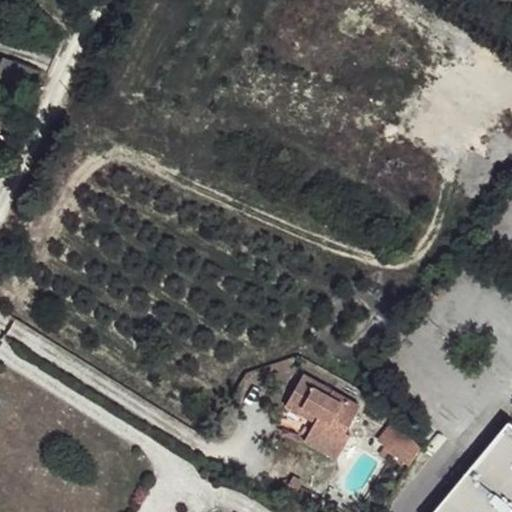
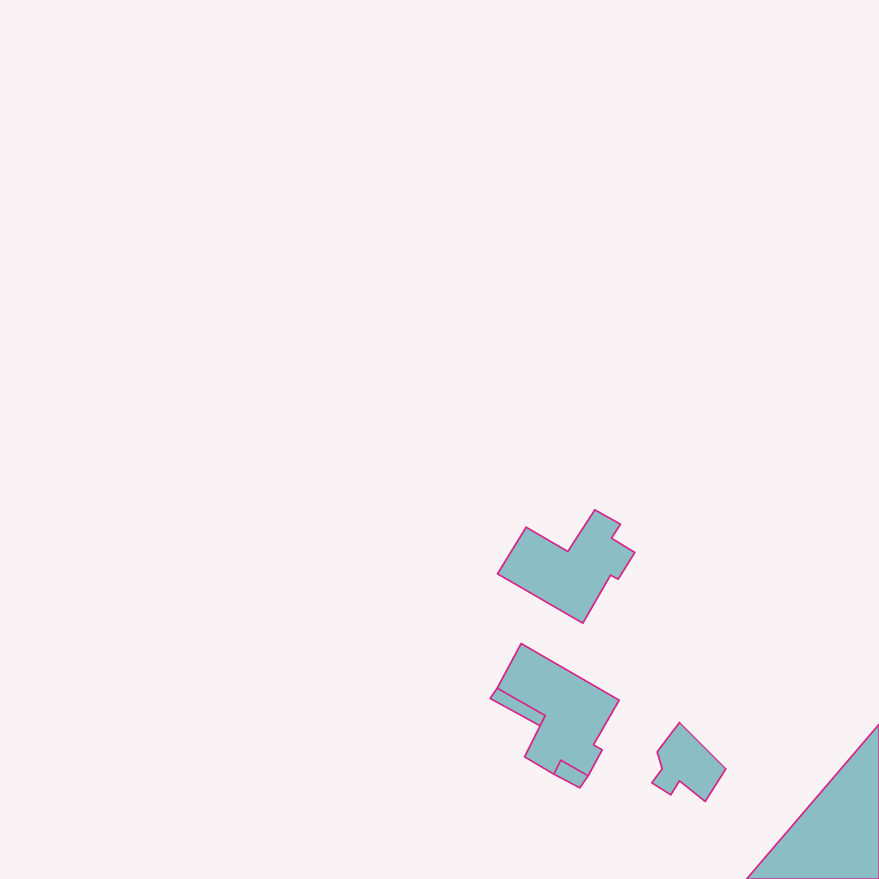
building: none -> [498,510,635,623]

